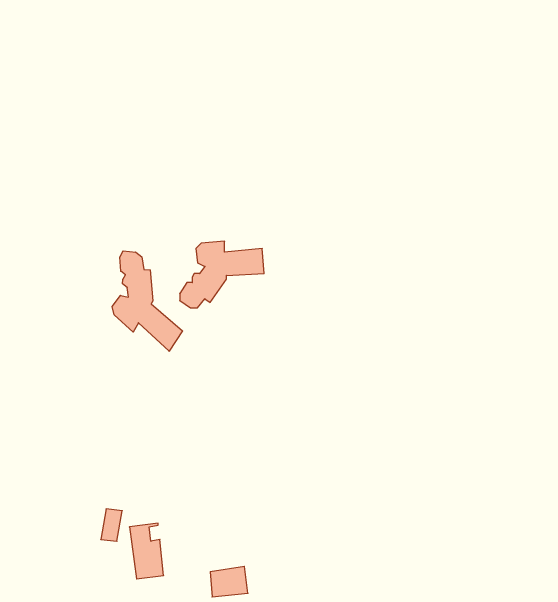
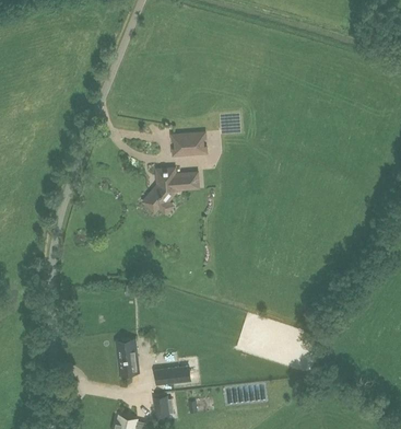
building: none -> [172,131,205,153]
building: [112,251,183,351] -> none

